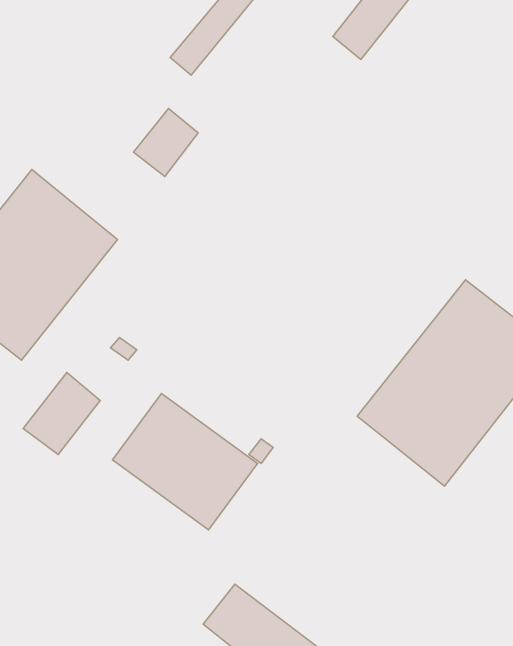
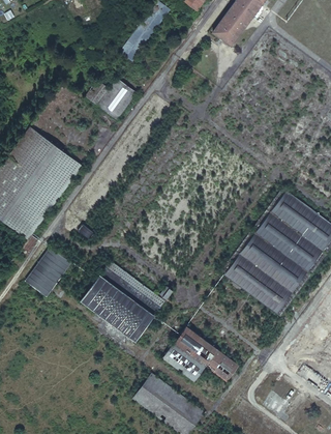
building: none -> [162,324,237,380]

